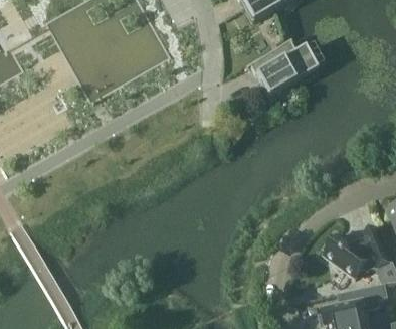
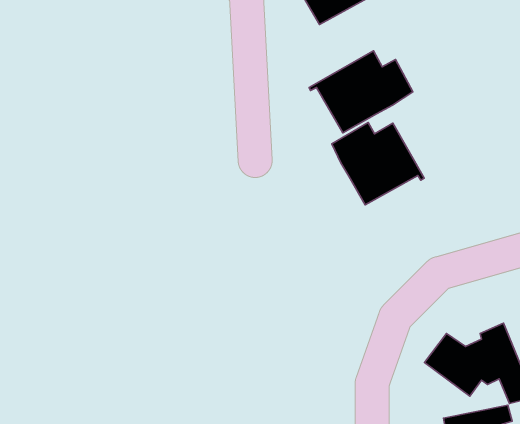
building: none -> [332,123,424,205]

